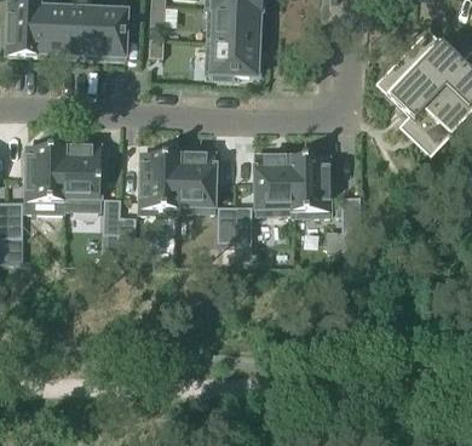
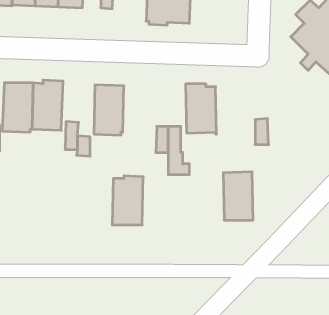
building: [175,150,214,212] -> [112,176,143,225]
building: [292,154,329,215] -> [223,172,253,220]

